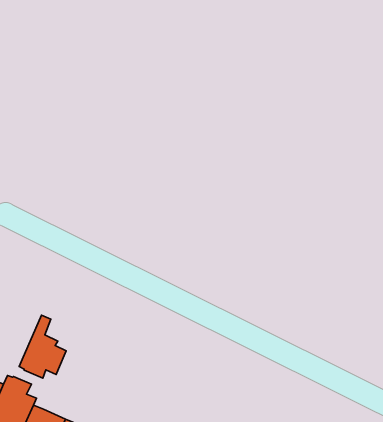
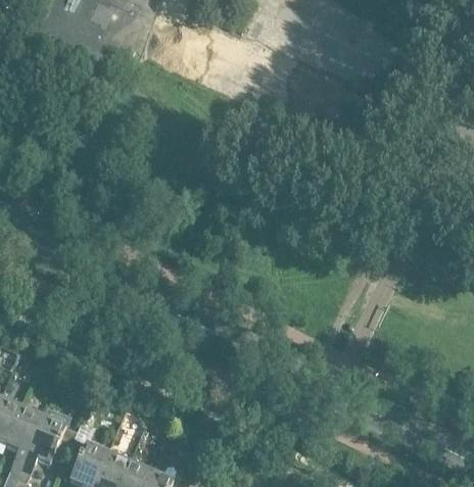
building: [19,315,66,378] -> none

